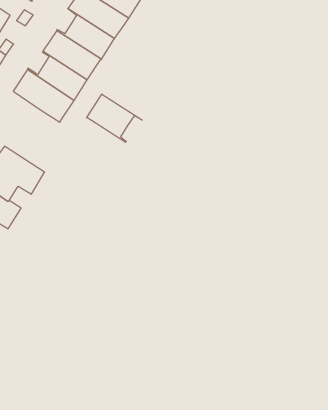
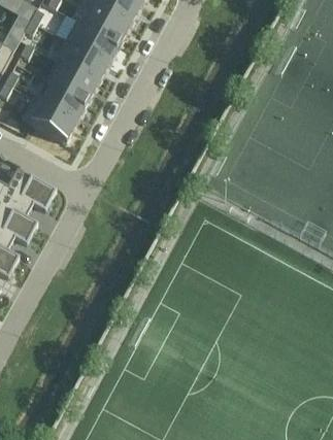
building: [87,94,142,142] -> none

